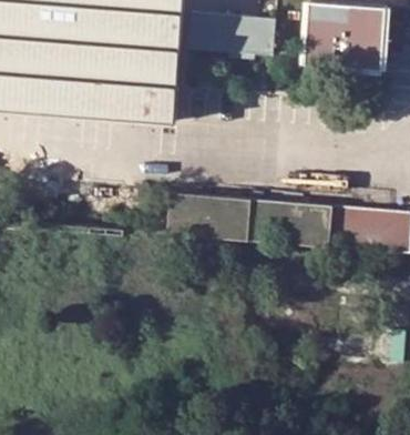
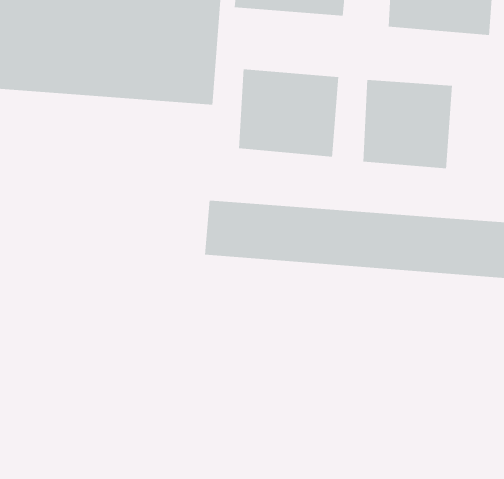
building: none -> [238,69,339,158]
building: none -> [363,79,453,169]

